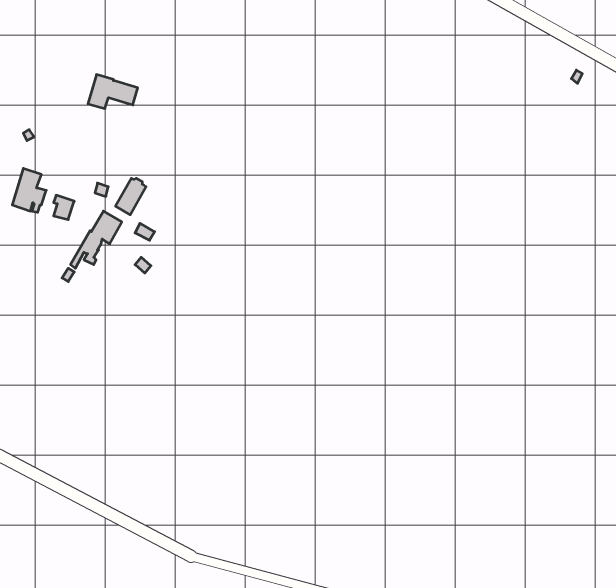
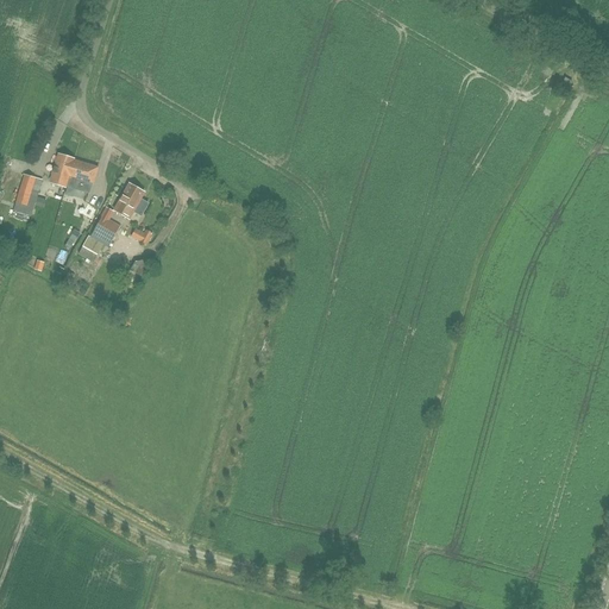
building: [88,75,138,109] -> [49,152,98,186]

